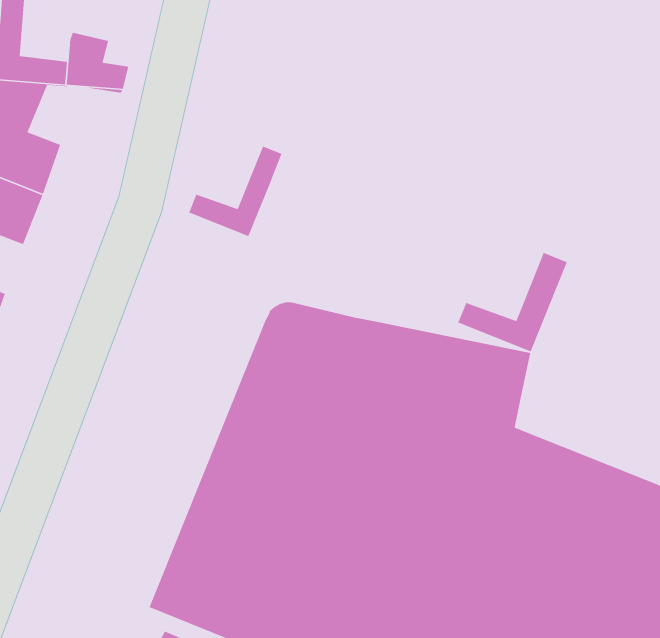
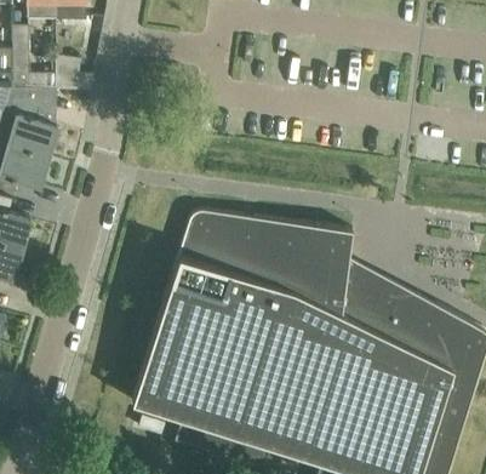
building: [188,145,283,237] -> none
building: [457,252,568,353] -> none

